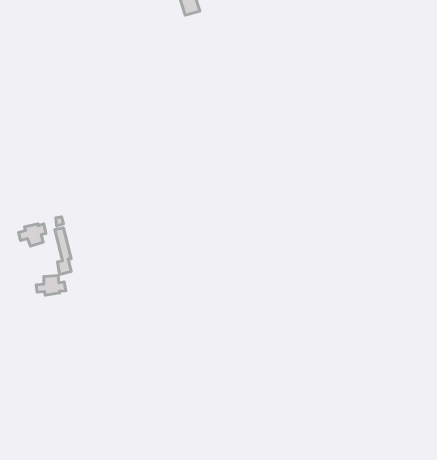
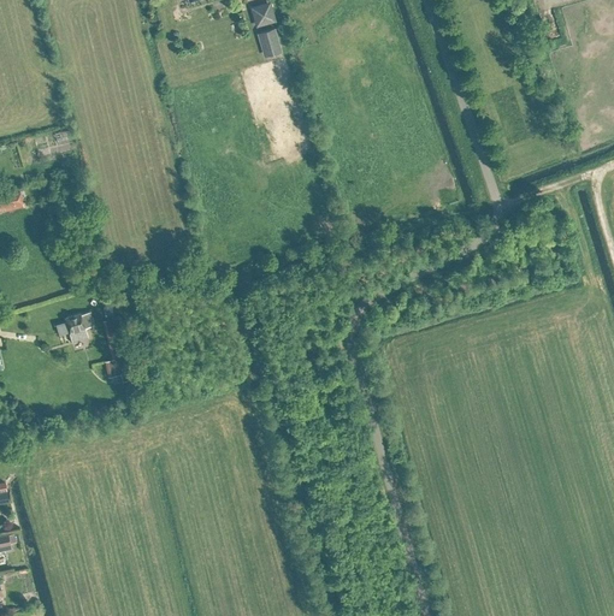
building: [36,275,66,295] -> none

